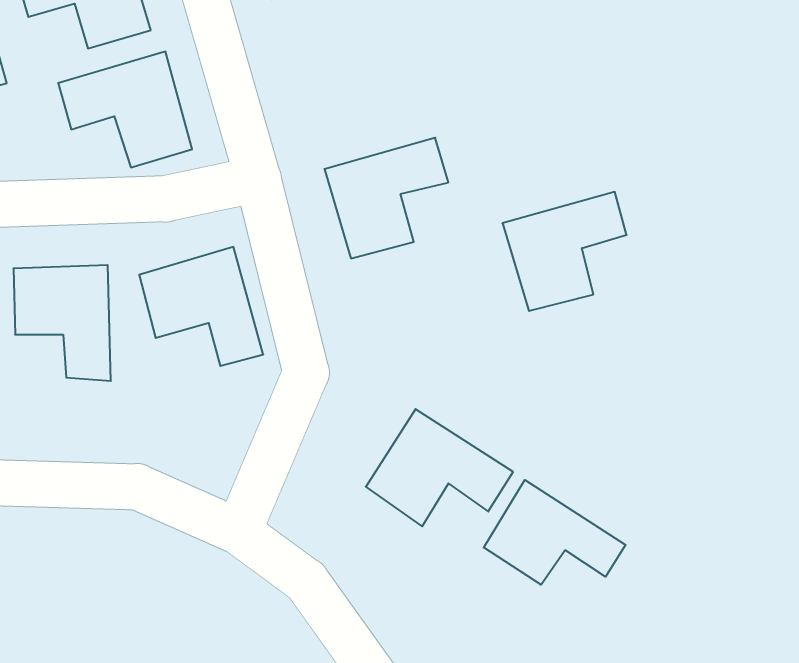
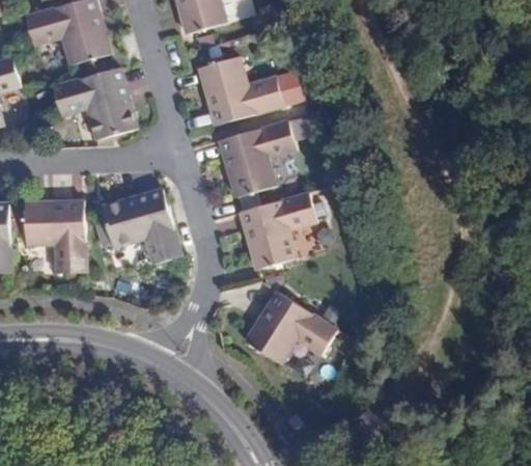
building: none -> [197,56,284,126]
building: [502,192,627,311] -> [240,192,317,267]
building: [484,480,626,585] -> none

